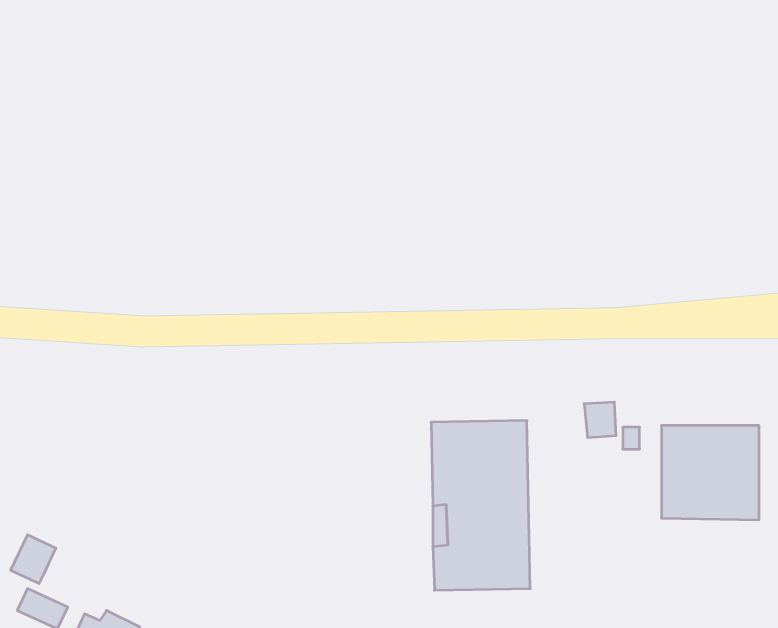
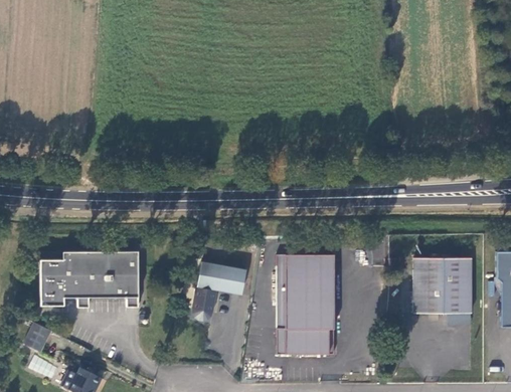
building: none -> [40,251,138,308]
building: none -> [193,261,247,321]

